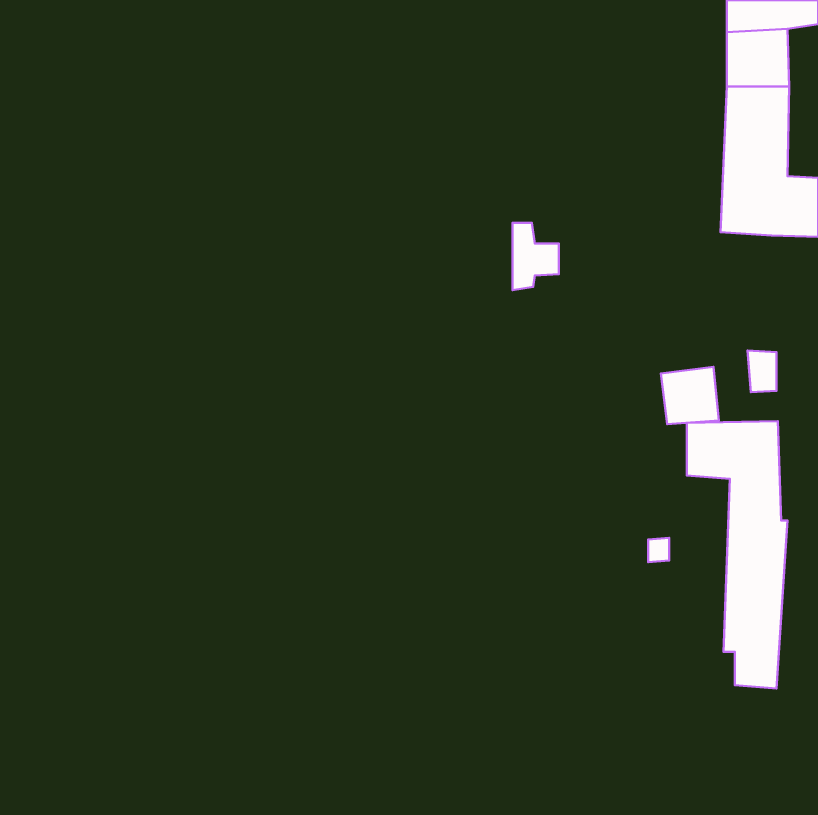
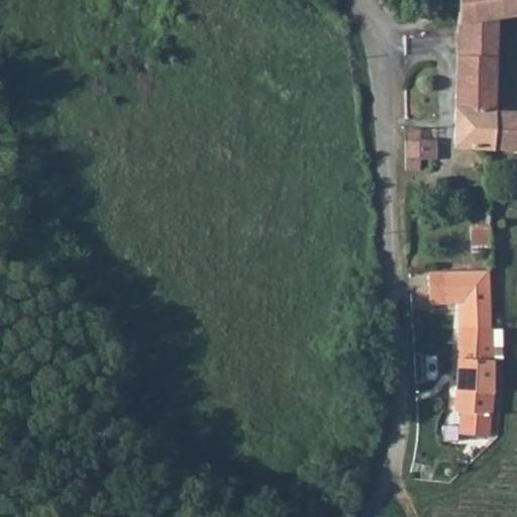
building: [512,223,559,290] -> [406,126,435,169]
building: [661,367,719,424] -> none

